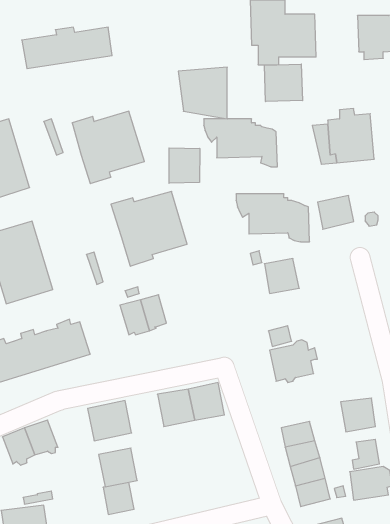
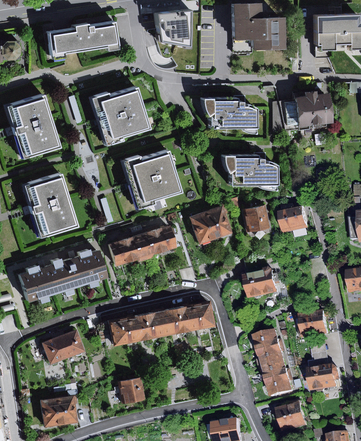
building: [264,64,303,102] -> none
building: [178,67,227,119] -> [152,8,190,48]
building: [169,148,200,183] -> none
building: [318,196,354,229] -> [278,206,306,232]
building: none -> [185,204,227,242]
building: none -> [158,226,179,253]
building: none -> [112,239,135,267]
building: [99,448,137,487] -> [132,308,162,338]

